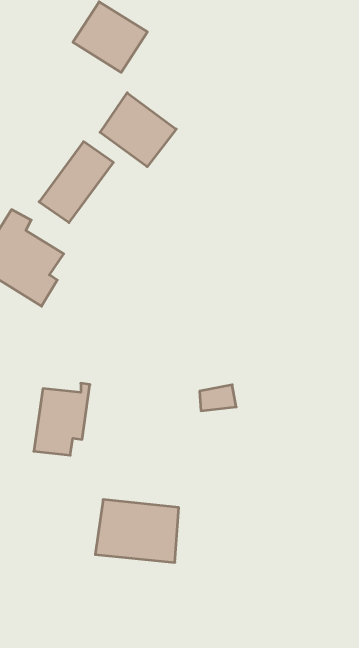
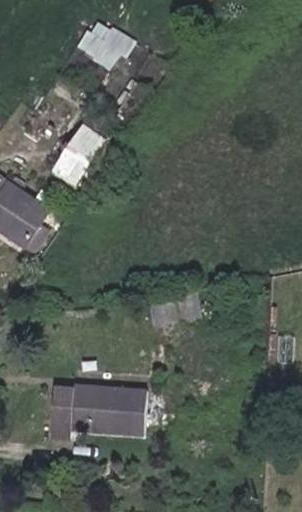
building: [100,93,176,167] -> none
building: [34,383,90,455] -> [46,390,89,445]

